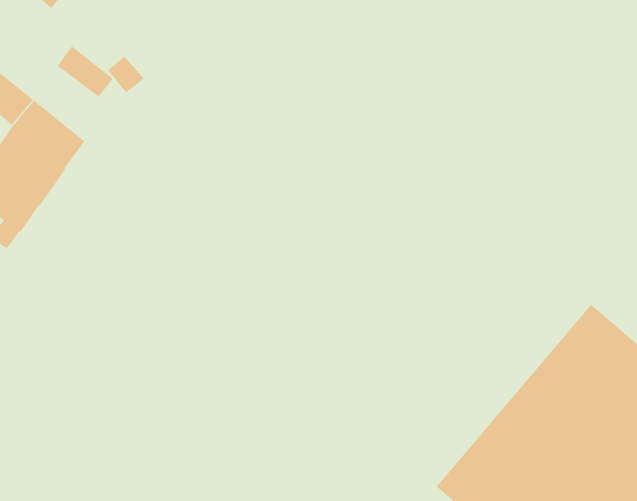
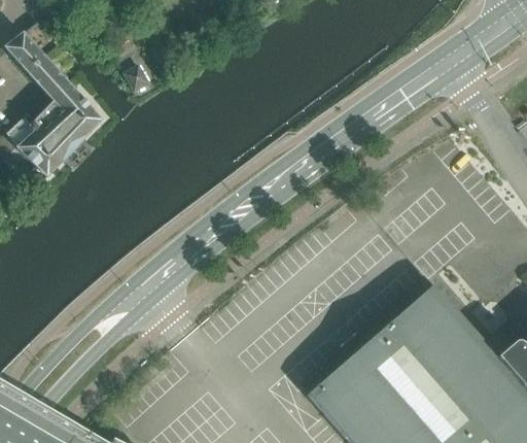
building: [57,46,114,98] -> none

